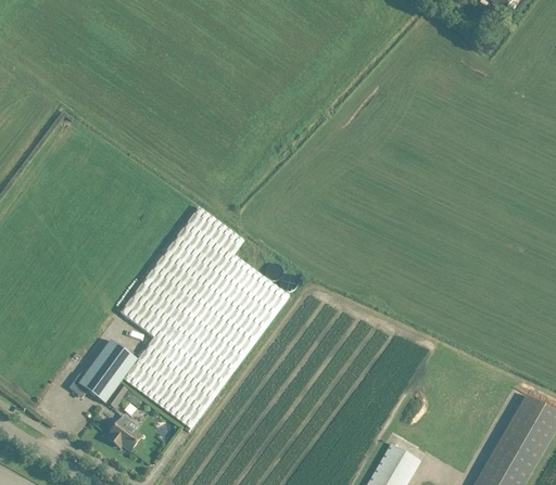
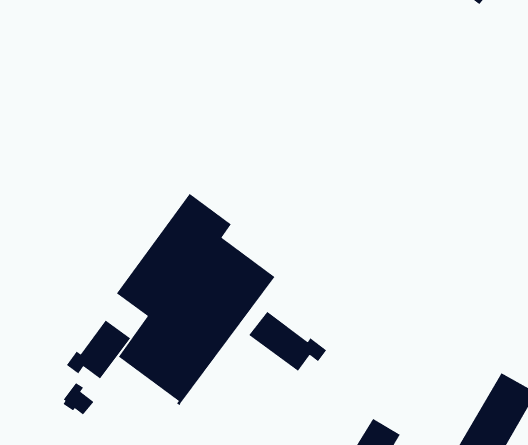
building: none -> [248,311,327,372]
building: [109,416,142,450] -> [62,382,95,415]

